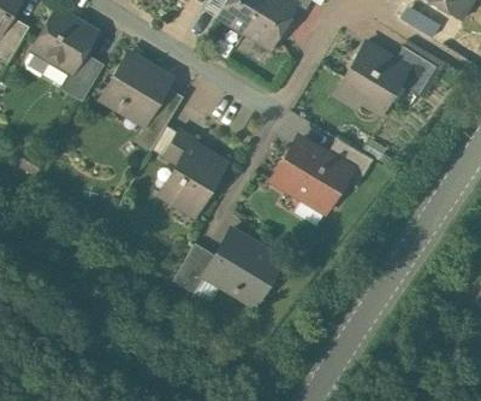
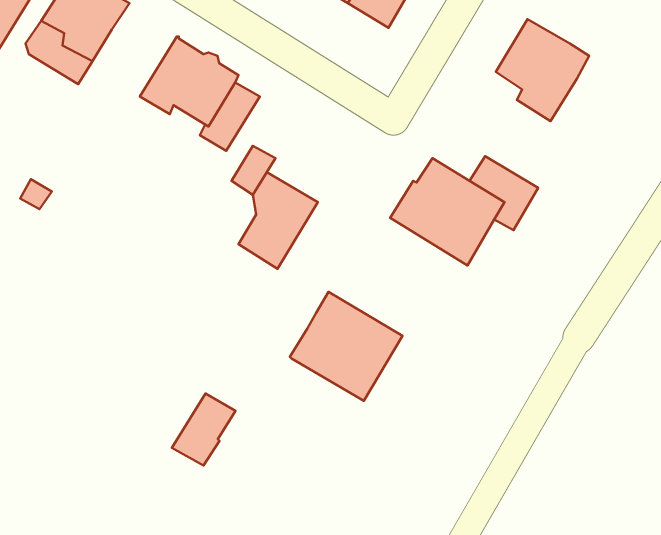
building: [394,47,434,95] -> none
building: [59,51,103,101] -> none
building: [172,243,215,293] -> [172,393,235,466]

